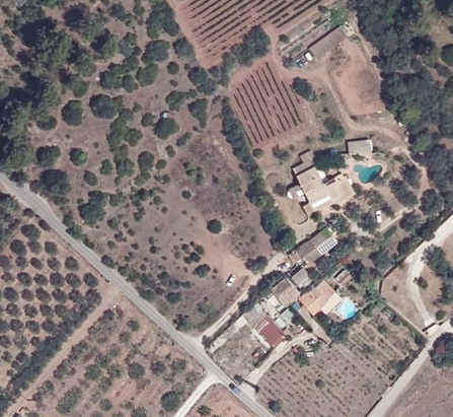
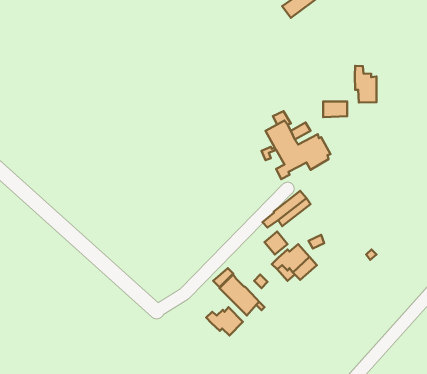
building: none -> [355,66,377,102]
building: [272,277,298,304] -> none
building: none -> [206,307,243,335]

